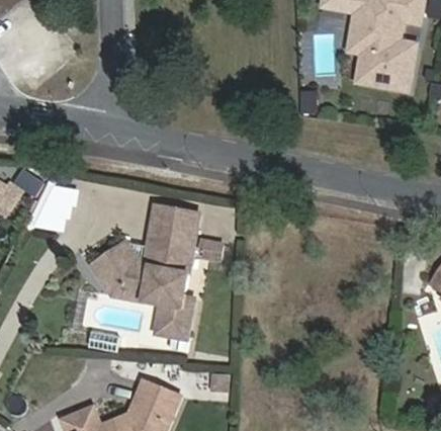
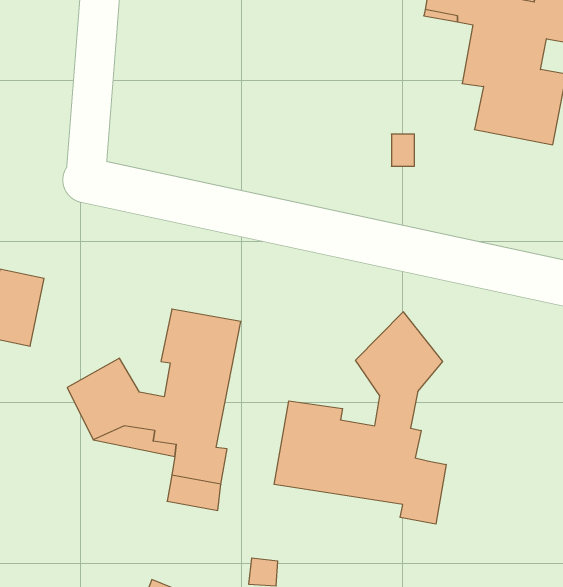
building: none -> [274,312,446,524]

